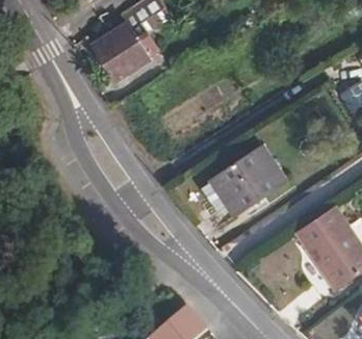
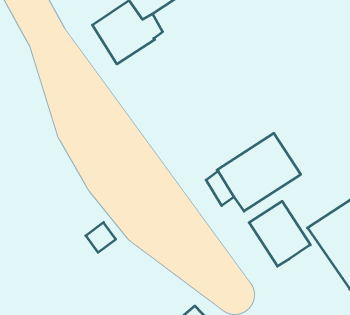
building: none -> [249,201,310,266]

